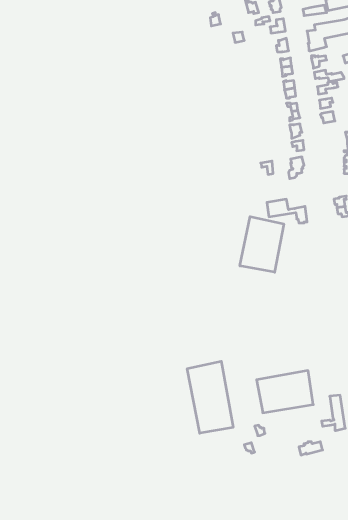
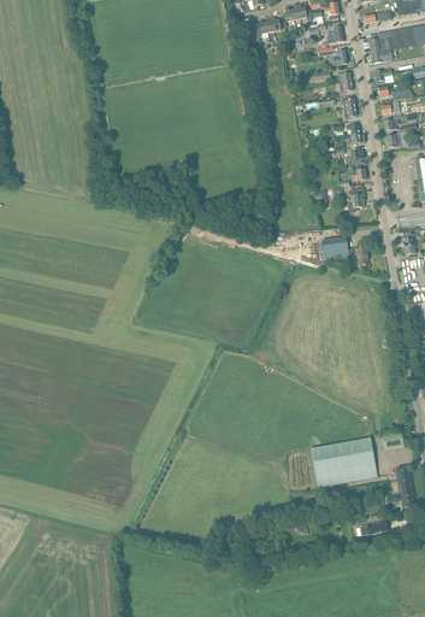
building: [240,217,284,272] -> none
building: [187,361,233,433] -> none

